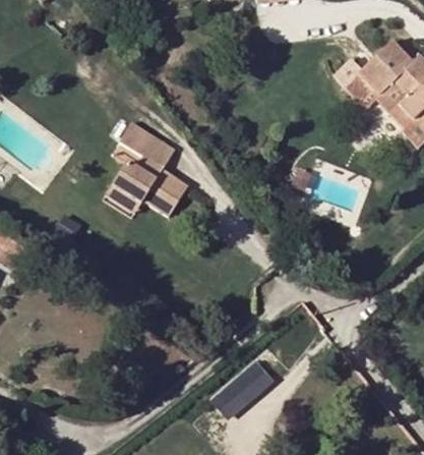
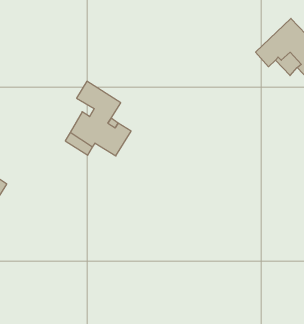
building: [213,357,275,417] -> none

